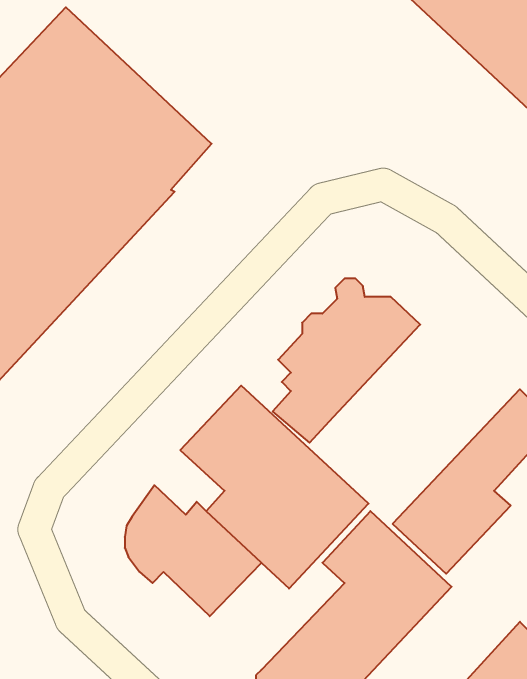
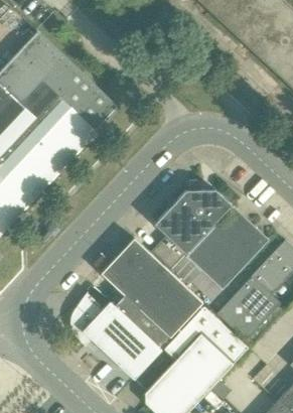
building: none -> [171,205,269,290]
building: none -> [117,334,161,379]

